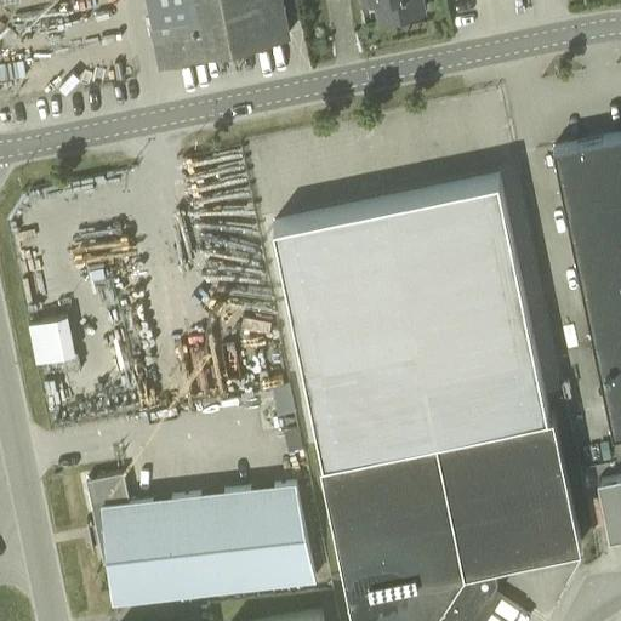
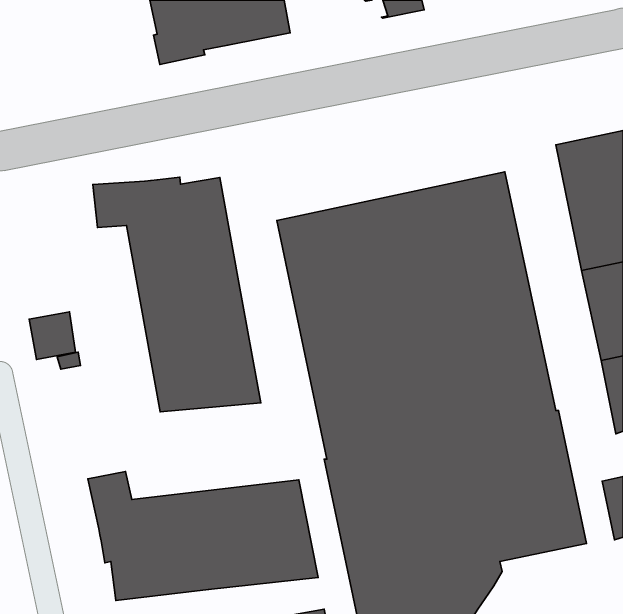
building: none -> [93,177,261,412]

